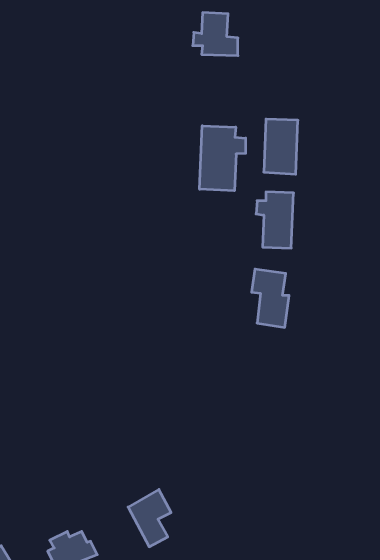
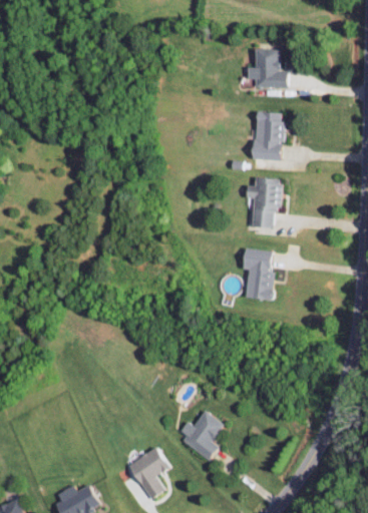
building: [193,13,238,56] -> [248,48,289,87]
building: [200,126,246,191] -> none
building: none -> [177,411,223,459]

